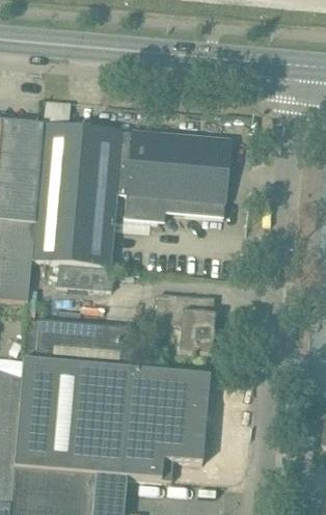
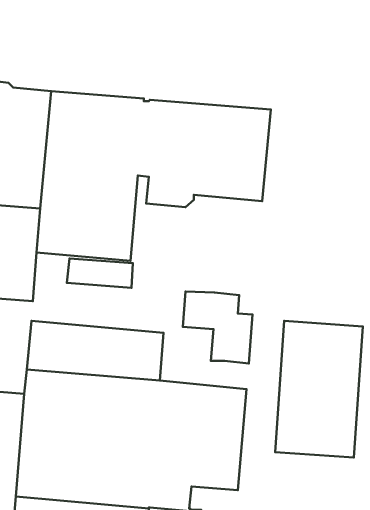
building: none -> [275,321,363,458]

